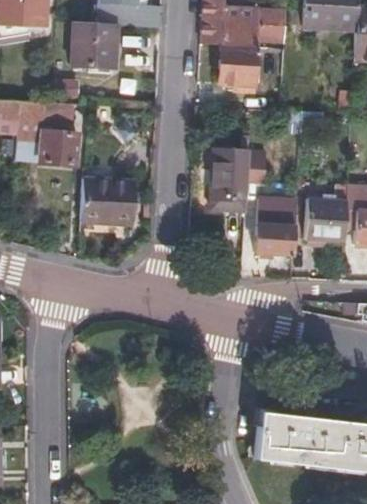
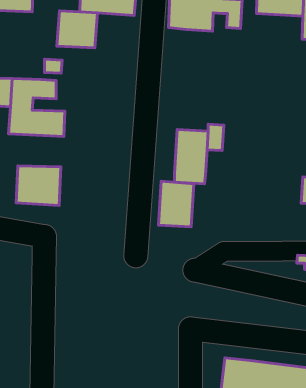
building: [218,42,250,81] -> none
building: [83,177,134,222] -> [16,166,61,206]
building: [303,195,346,236] -> none
building: [252,200,292,252] -> [159,181,194,227]

